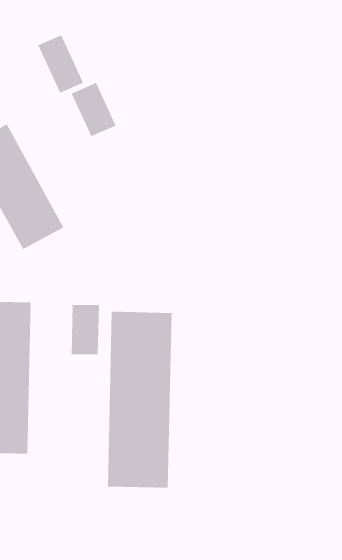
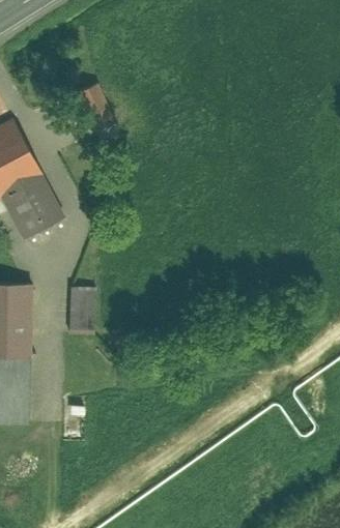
building: [37,34,84,93] -> none
building: [107,311,172,489] -> none

